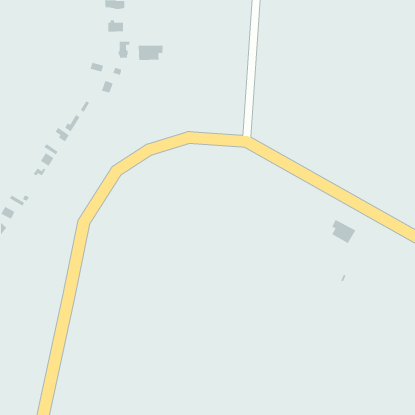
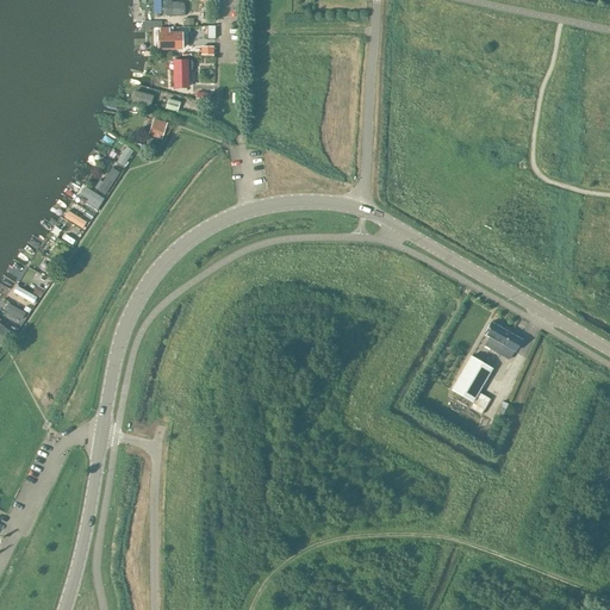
building: [138,45,163,61] -> none
building: none -> [453,355,493,412]

